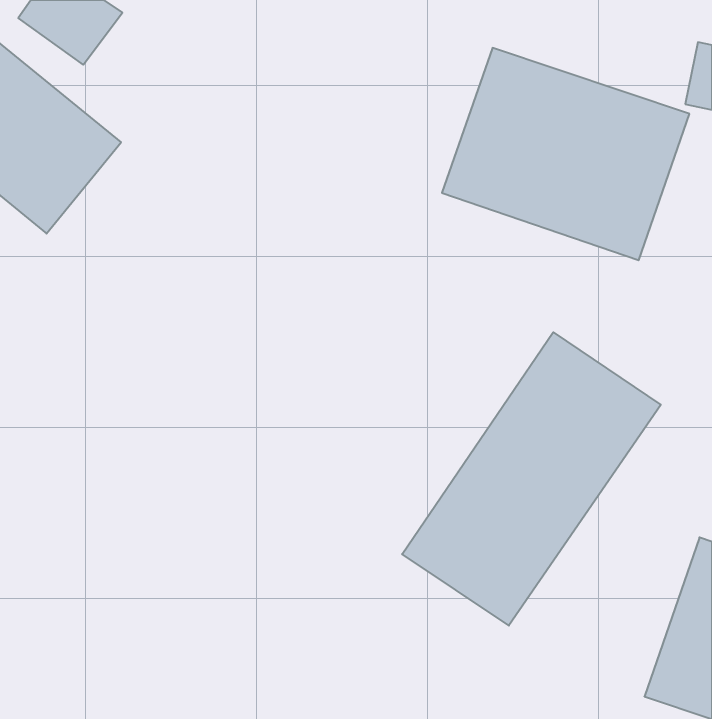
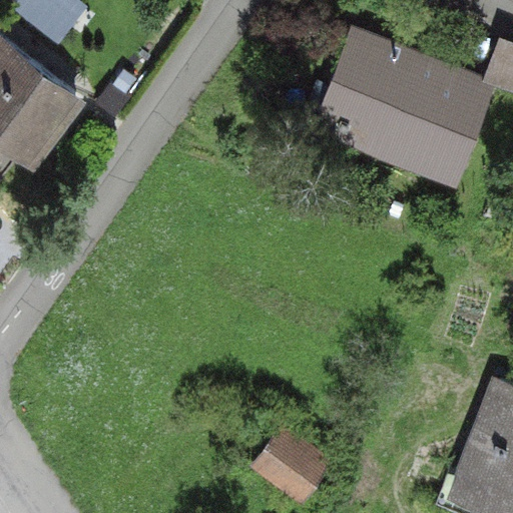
building: [402,332,661,626] -> none
building: none -> [251,425,335,505]

